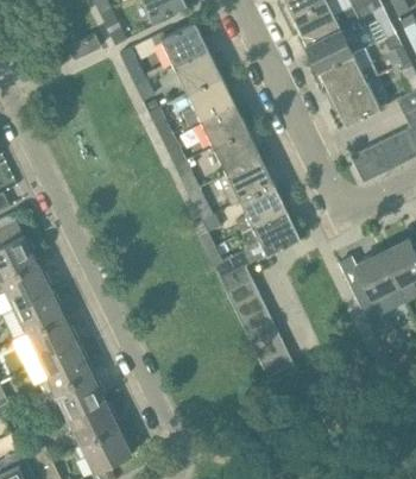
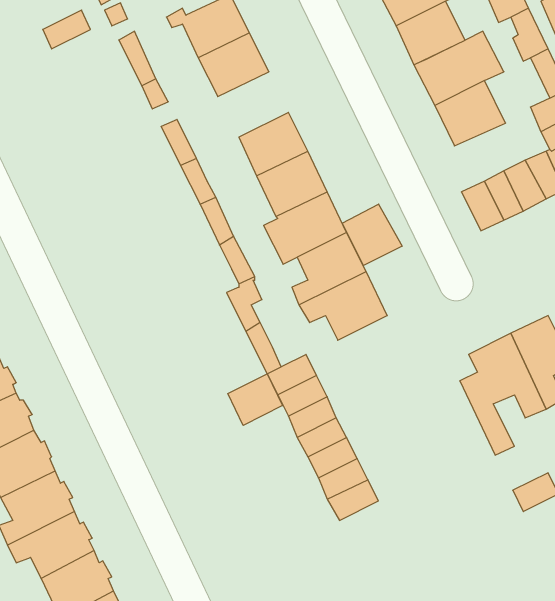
building: [181,75,233,125] -> none
building: none -> [342,204,402,266]
building: none -> [228,374,283,425]

